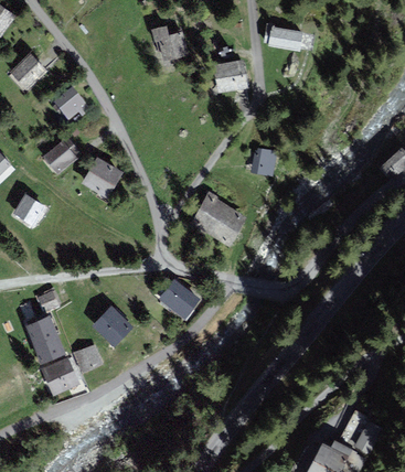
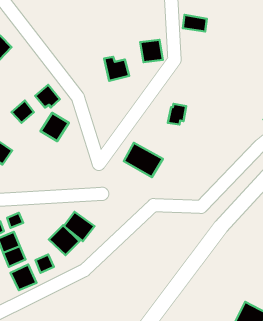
building: [152,29,185,61] -> [104,57,129,81]
building: [53,90,86,120] -> [35,85,60,107]
building: [160,280,201,319] -> [64,212,95,241]

